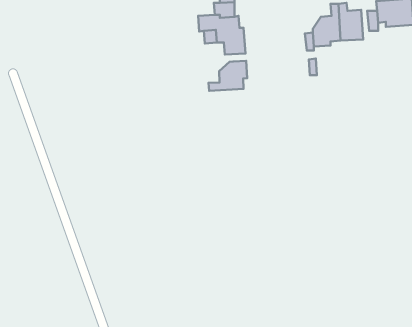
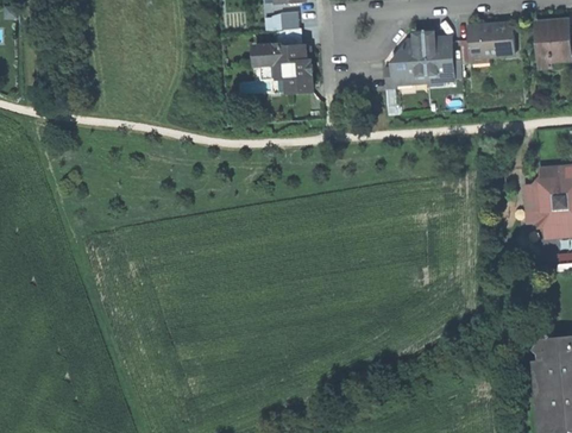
building: [208,61,247,91] -> none

